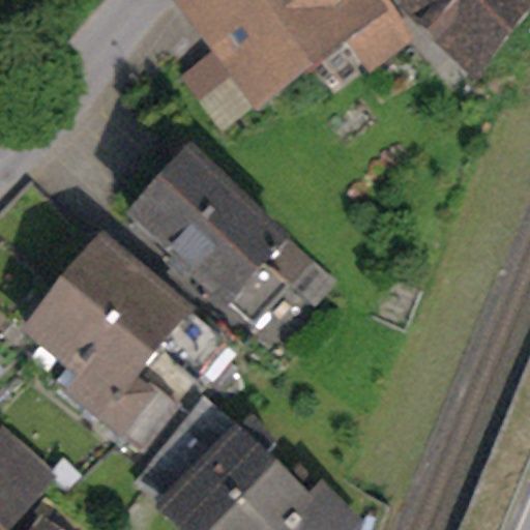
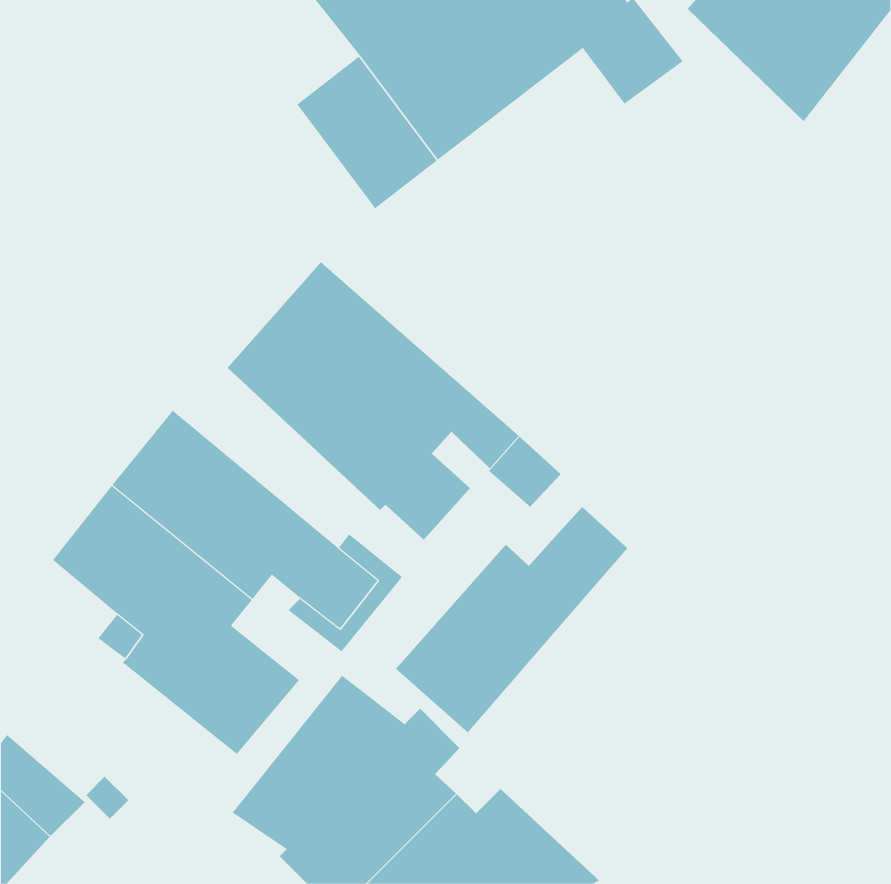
building: none -> [395,506,628,733]

